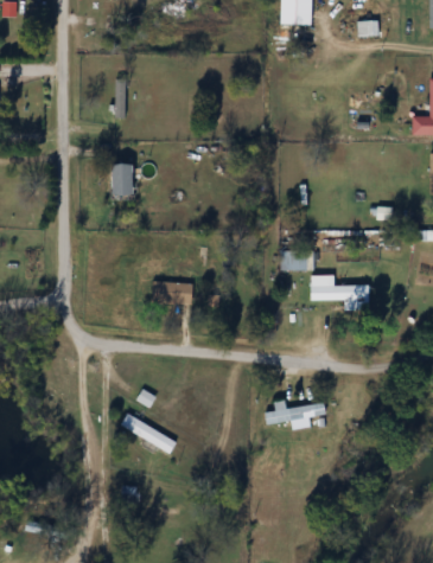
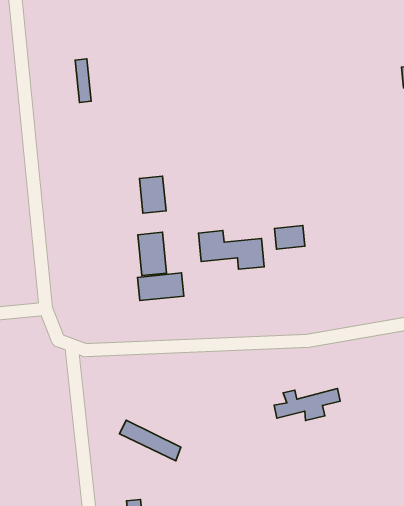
building: [112,164,133,196] -> [139,176,166,213]
building: none -> [138,232,167,276]
building: [311,275,368,312] -> [198,231,264,269]

